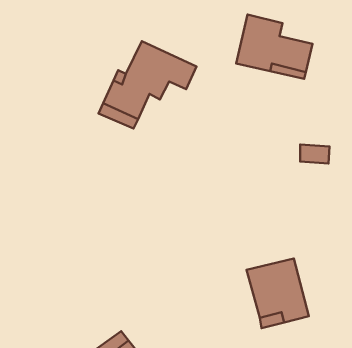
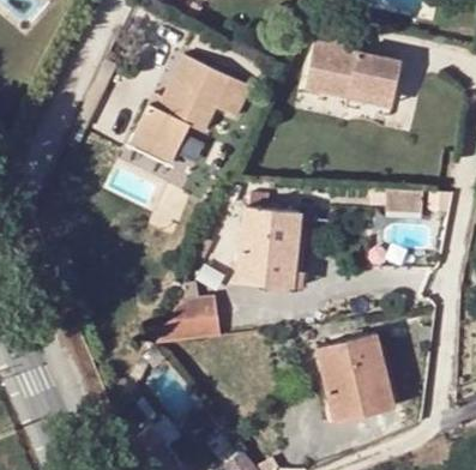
building: none -> [237,194,297,285]
building: none -> [157,283,223,343]

